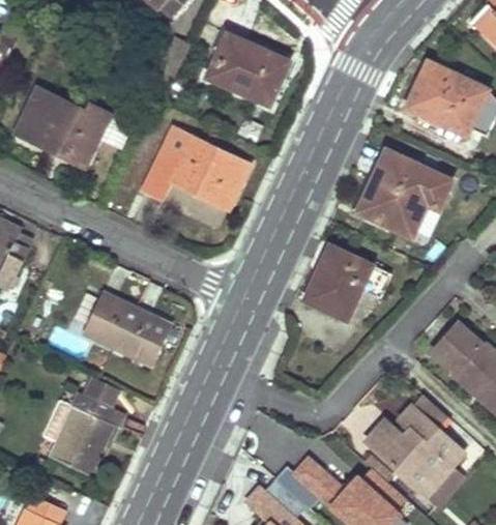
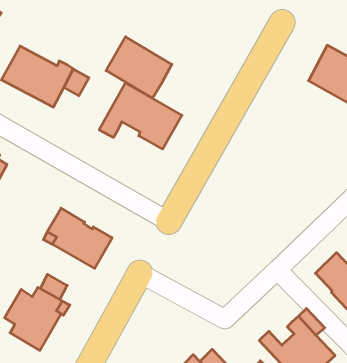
building: [206,30,289,106] -> [106,37,172,98]
building: [358,151,449,235] -> none
building: [304,245,390,318] -> none

